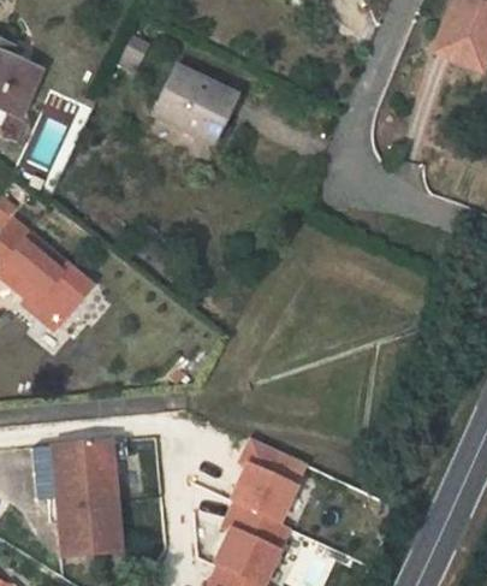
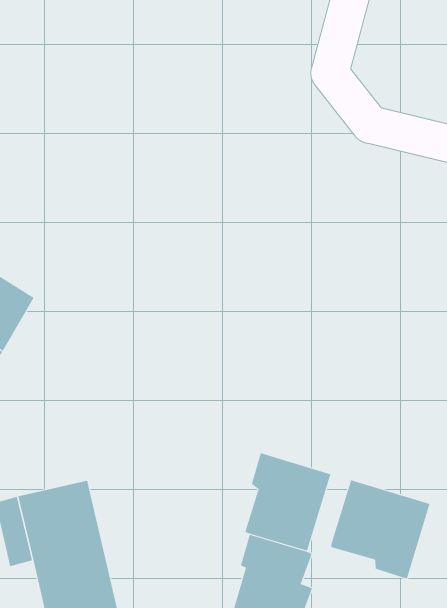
building: [156,66,237,142] -> none
building: none -> [331,480,430,580]

